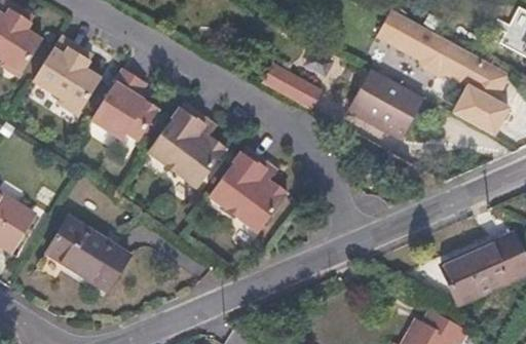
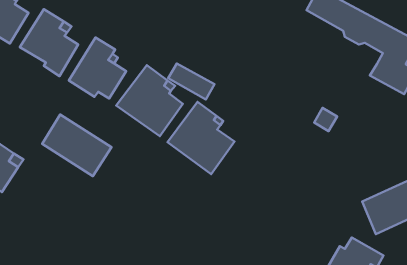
building: [260,62,315,105] -> [168,64,214,100]
building: [347,69,421,139] -> none
building: [47,217,130,291] -> [42,115,112,176]

